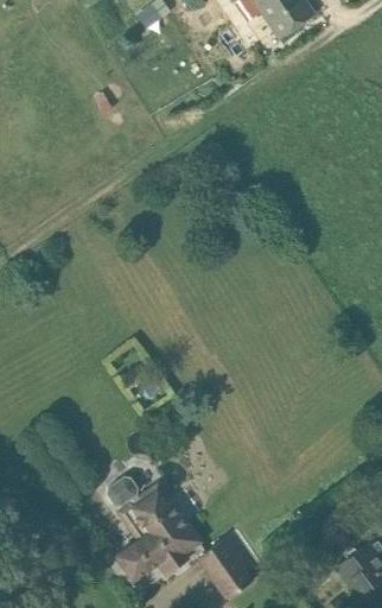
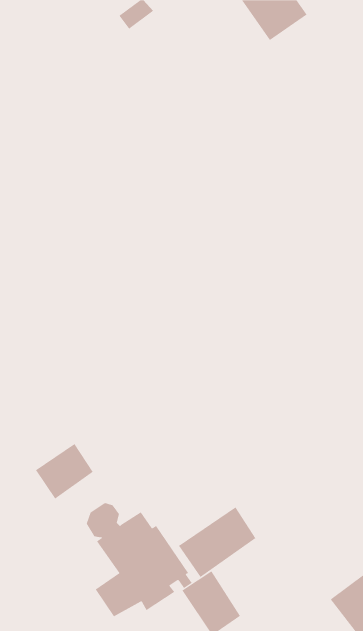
building: none -> [35,443,93,499]
building: none -> [178,506,256,578]

